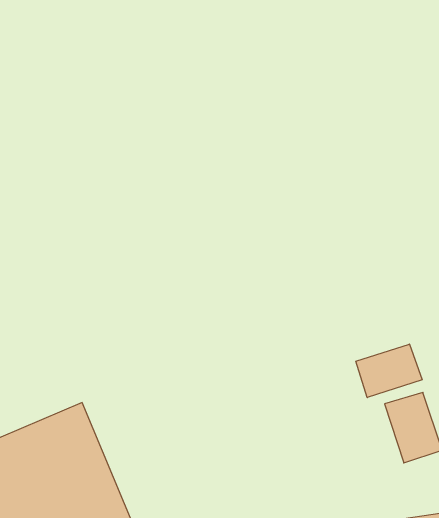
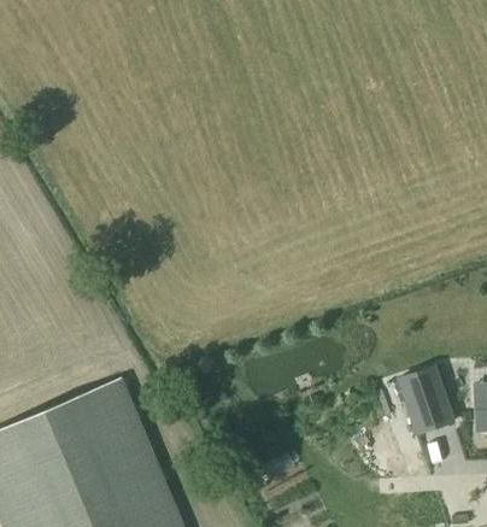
building: [356,344,422,398] -> none

